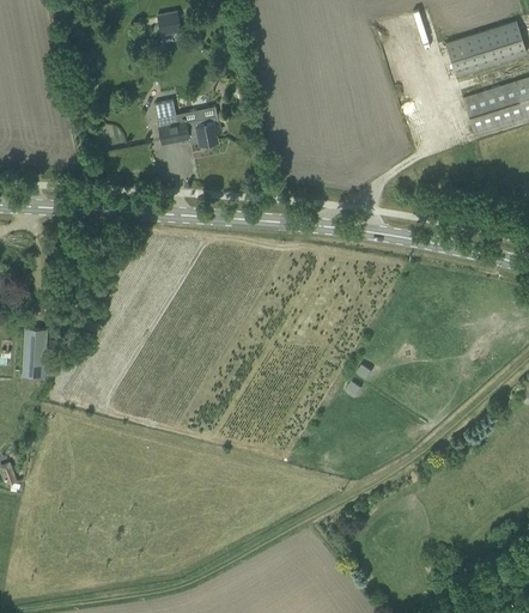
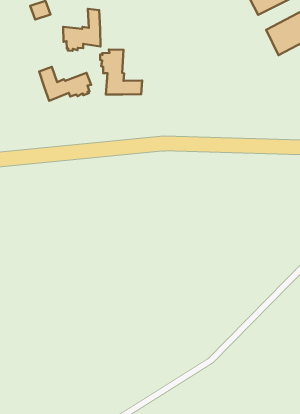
building: none -> [63,9,101,51]
building: none -> [100,49,142,95]

